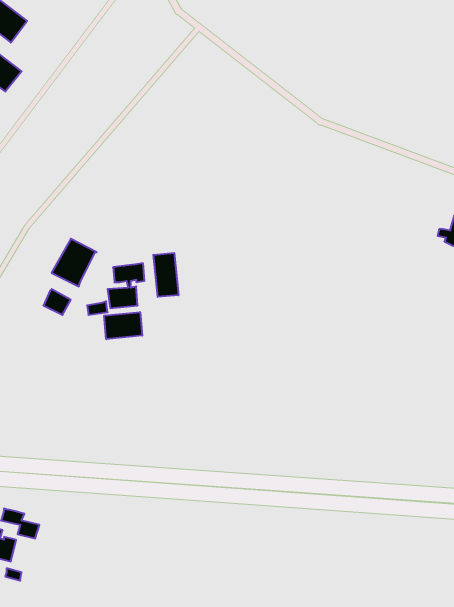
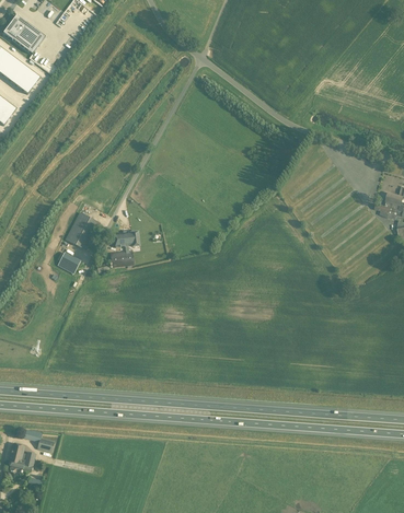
building: [153,253,178,297] -> none
building: [104,312,142,339] -> none

